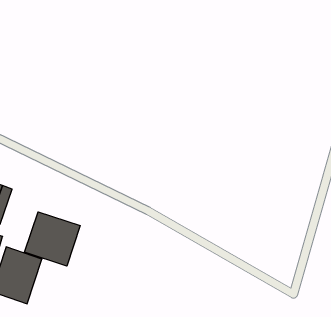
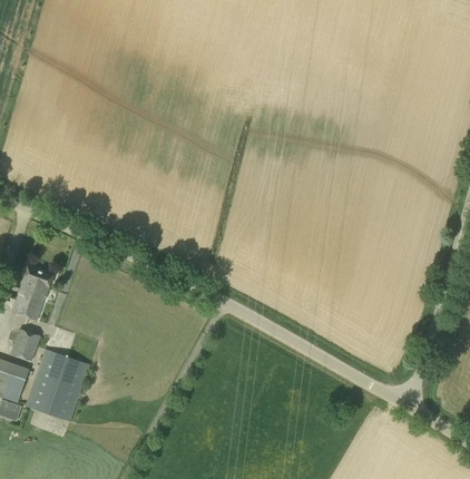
building: [25,212,80,266] -> none

